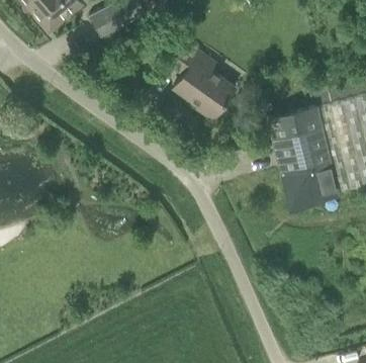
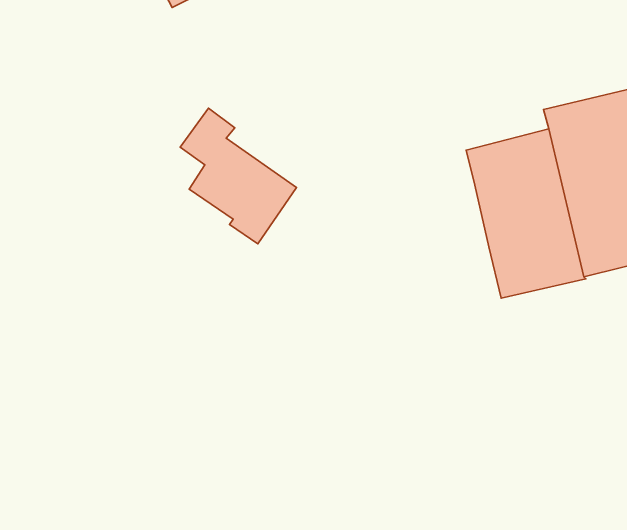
building: [168,41,235,119] -> [180,108,296,244]

